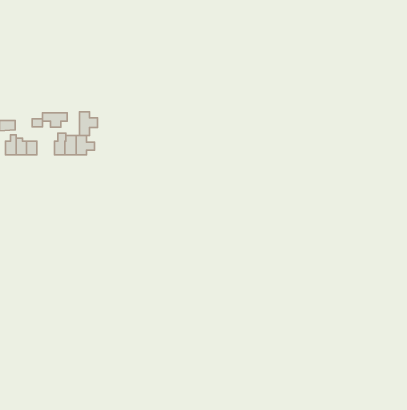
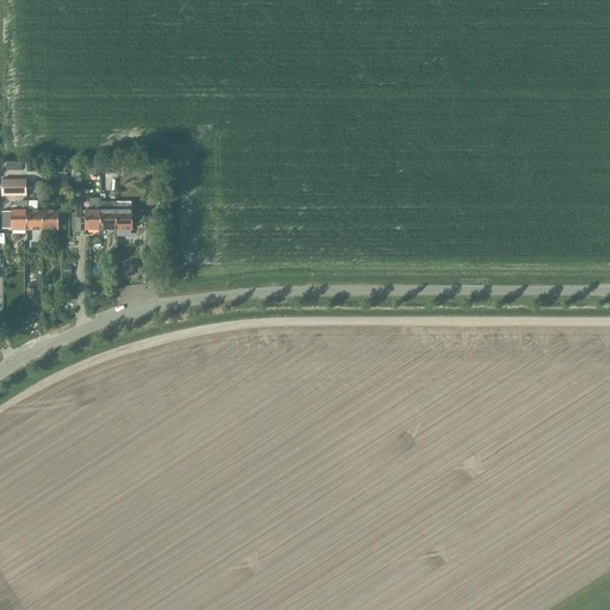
building: [79,112,97,136] -> none
building: [42,113,67,127] -> none

